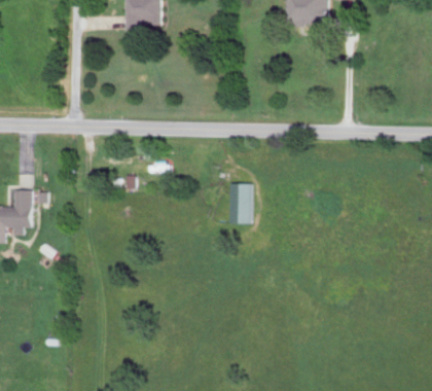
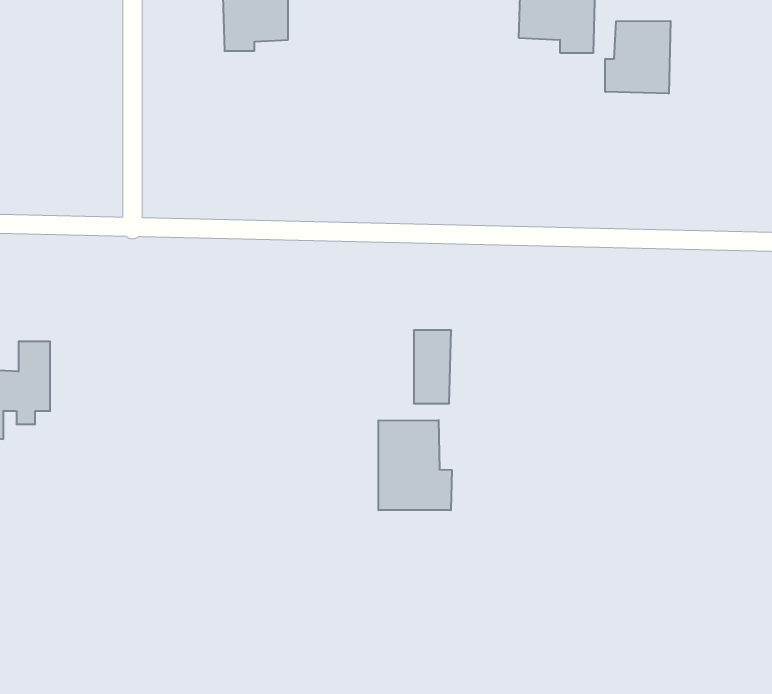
building: none -> [605,21,671,94]
building: none -> [378,420,452,510]

